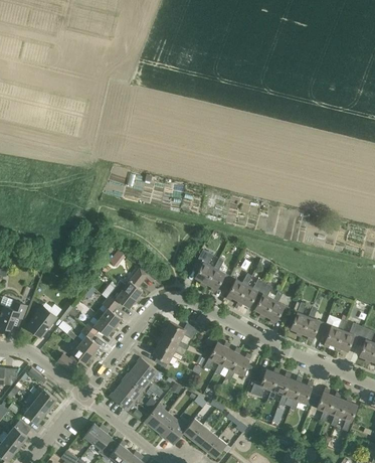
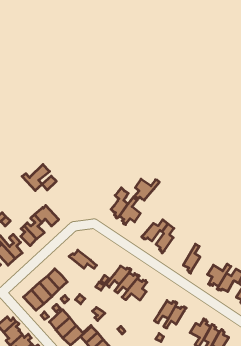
building: [117,268,148,300] -> [22,164,50,191]
building: [224,275,251,301] -> [134,179,159,200]
building: [264,291,290,325] -> none
building: [301,307,325,341] -> none
building: [160,322,197,341] -> none
building: [149,343,183,368] -> none
building: [249,369,278,398] -> none
building: [290,382,316,411] -> none

